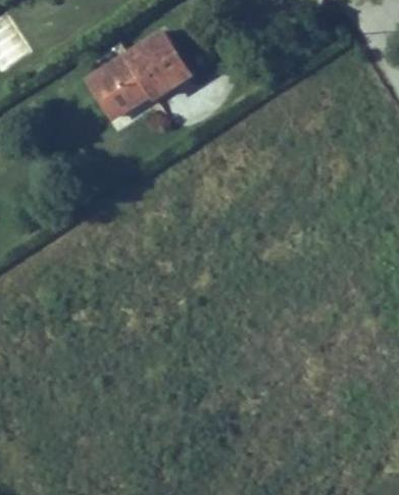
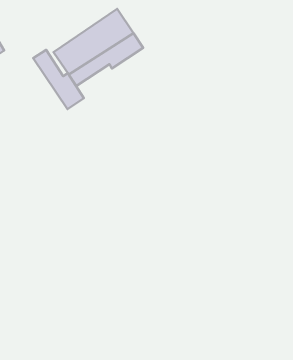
building: none -> [33,50,84,109]

